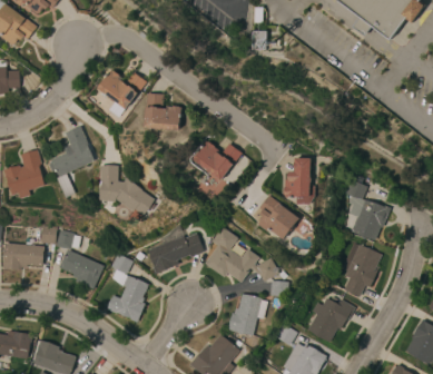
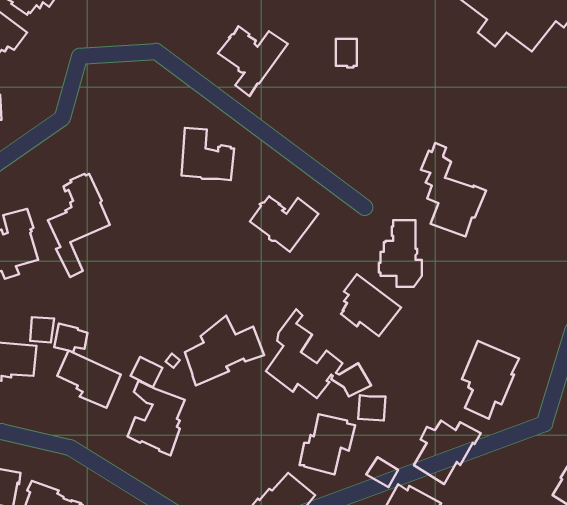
building: [97,69,146,118] -> [218,26,288,96]
building: [100,166,157,215] -> none
building: [344,175,390,240] -> [421,143,486,237]

